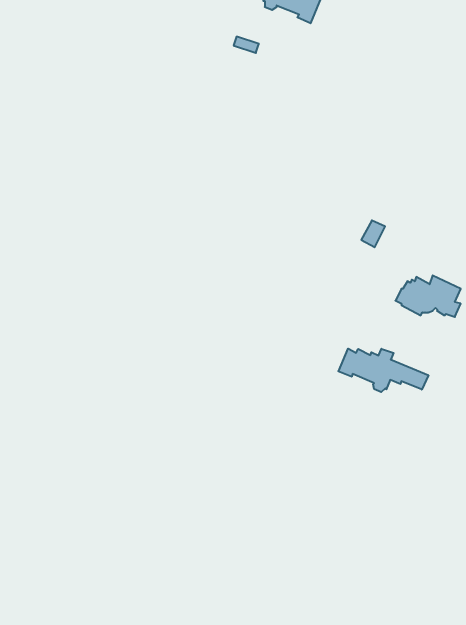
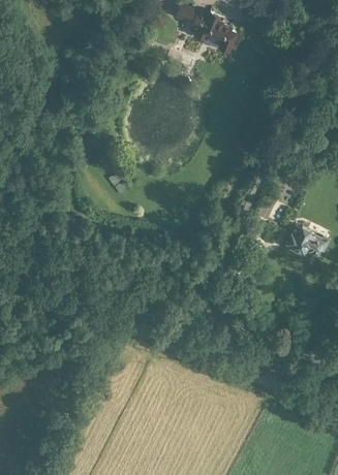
building: [338,349,428,392] -> none

